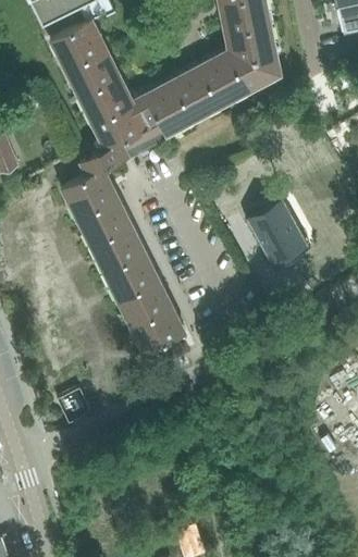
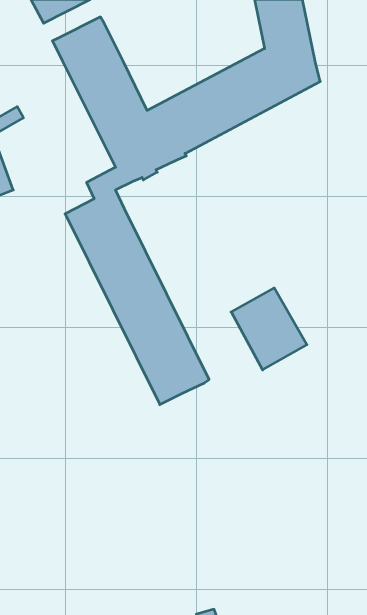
building: [244,194,309,264] -> [231,288,307,370]

